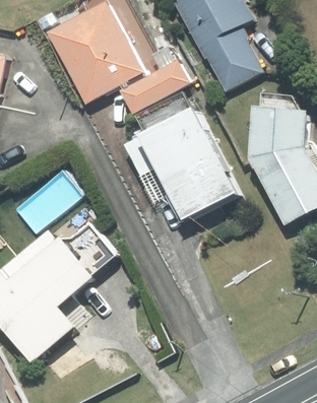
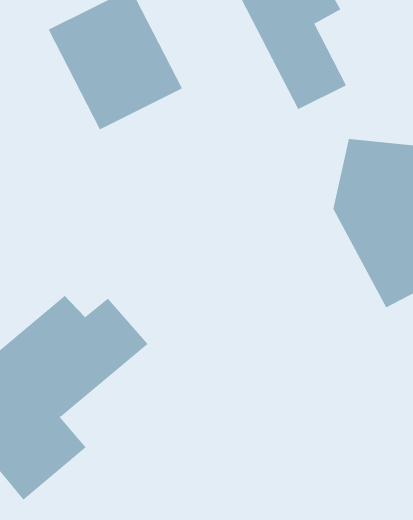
building: [119,59,191,114] -> none
building: [138,92,240,217] -> none

